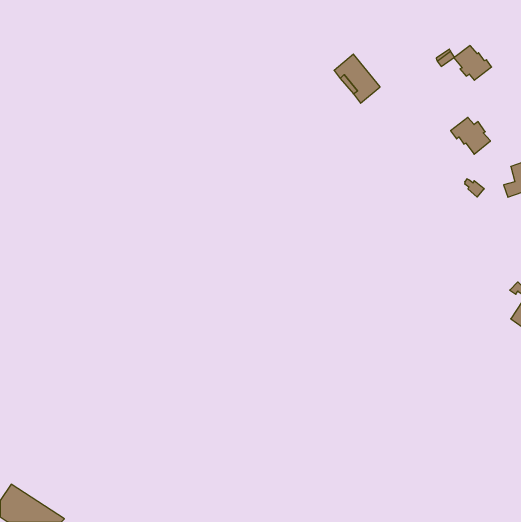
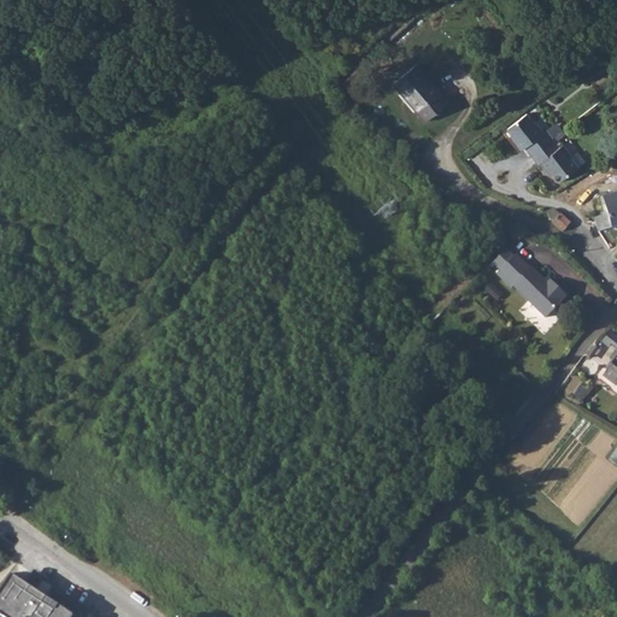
building: [454,46,492,80] -> [509,113,553,154]
building: none -> [494,248,568,318]

